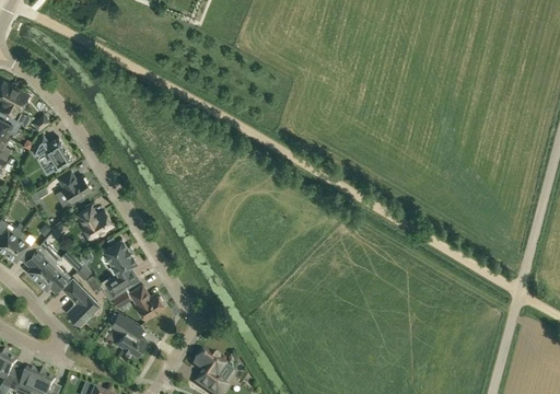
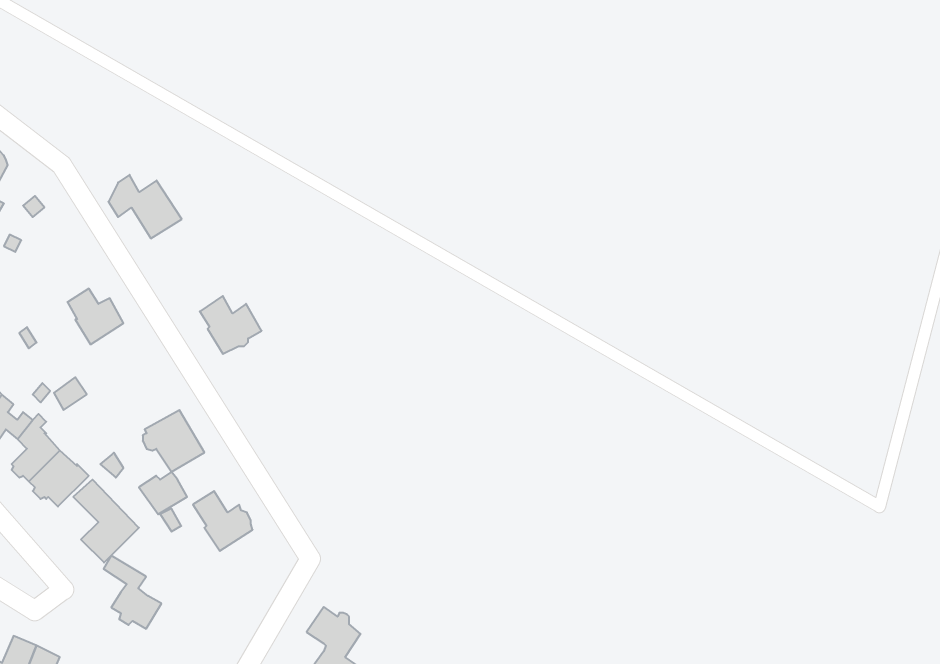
building: [32,135,73,171] -> [108,175,182,238]
building: [78,206,113,239] -> [200,296,262,354]
building: [114,314,147,356] -> [104,555,161,629]

